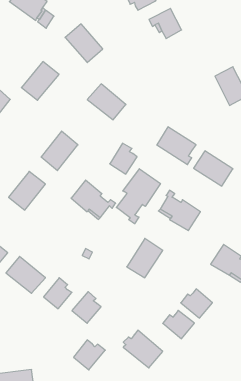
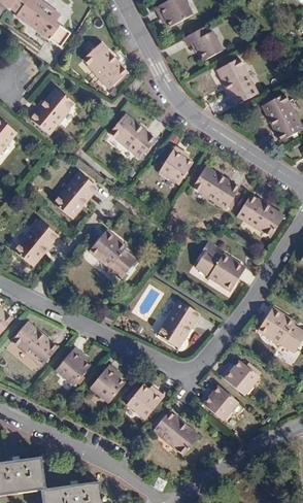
building: none -> [216,58,257,104]
building: [110,143,137,174] -> [159,146,192,183]
building: [116,169,160,224] -> none
building: [74,340,105,370] -> [126,383,164,420]

